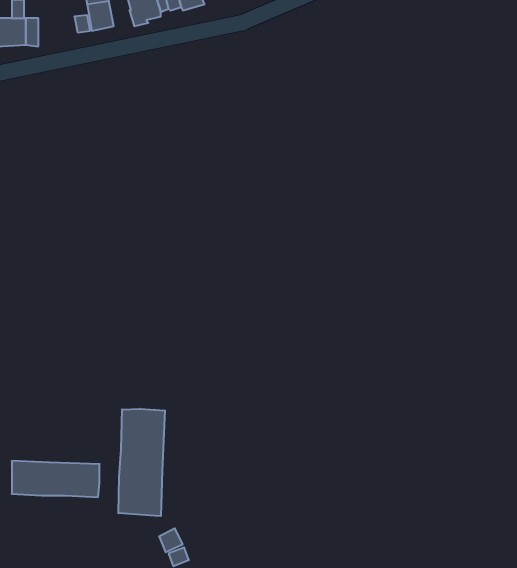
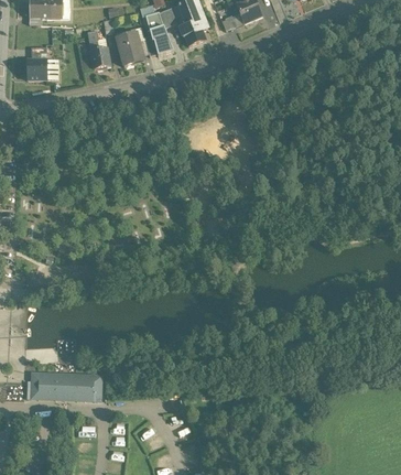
building: [118,409,165,516] -> none

